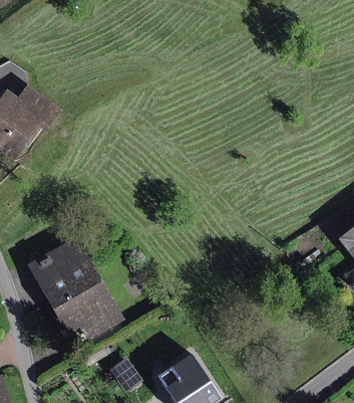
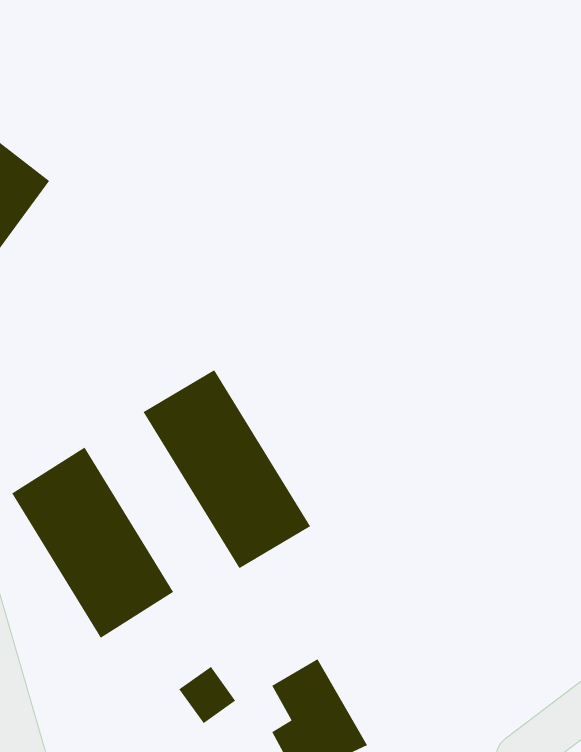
building: none -> [143,369,311,569]

